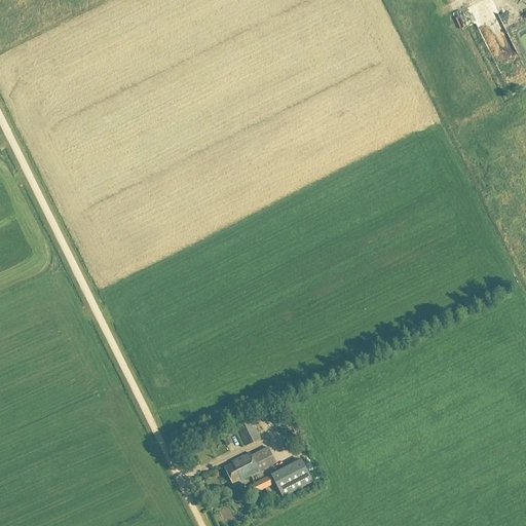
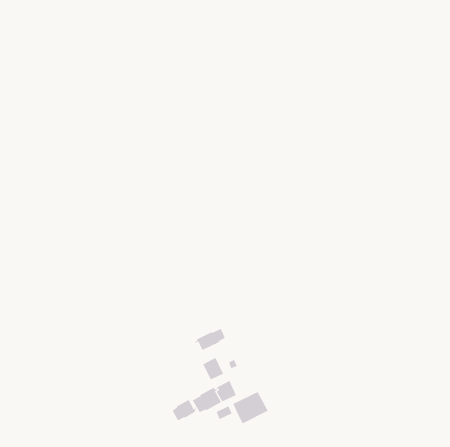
building: none -> [195,328,226,351]
building: none -> [172,399,197,421]

